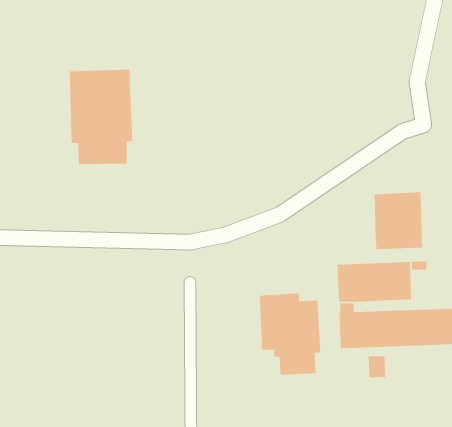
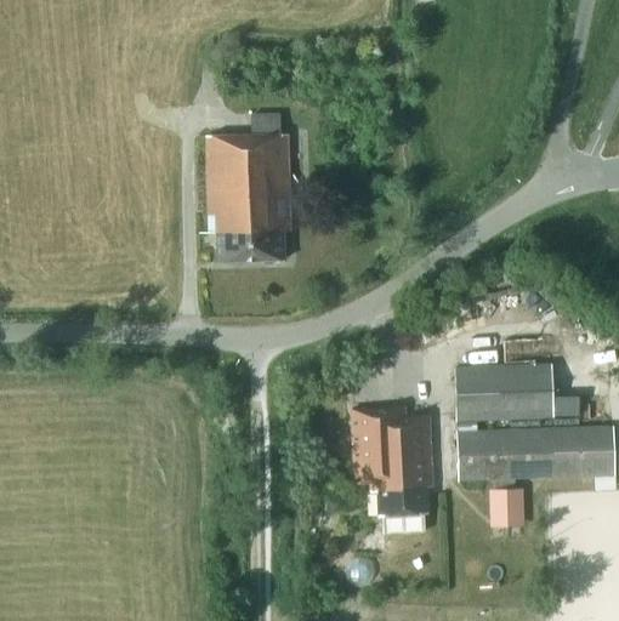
building: [69,69,133,165] -> [208,133,293,261]
building: [374,192,423,250] -> none

